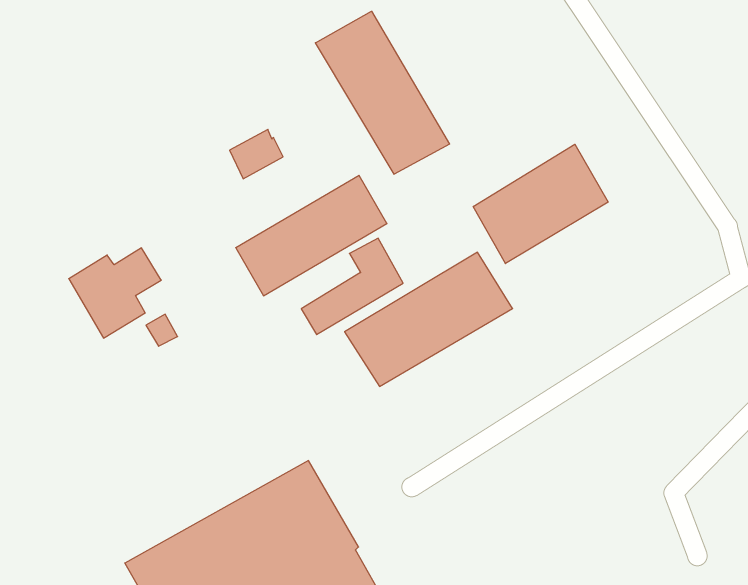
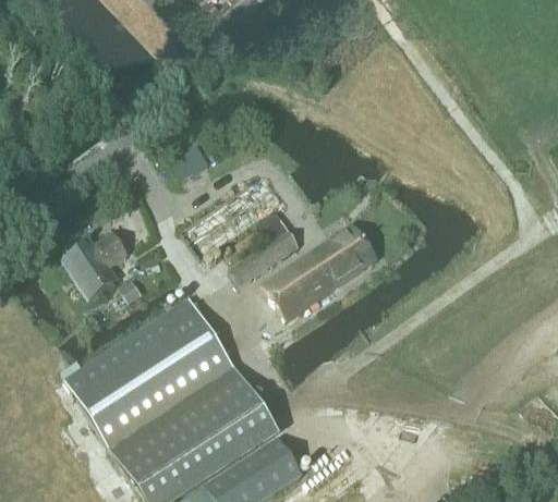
building: [315,11,450,174] -> none
building: [473,144,608,264] -> none
building: none -> [64,296,241,456]

